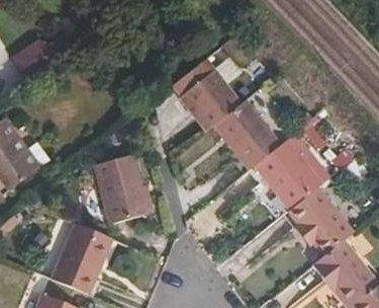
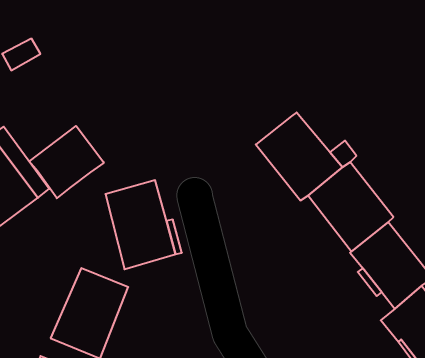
building: [179,69,242,132] -> none
building: none -> [29,126,104,198]

